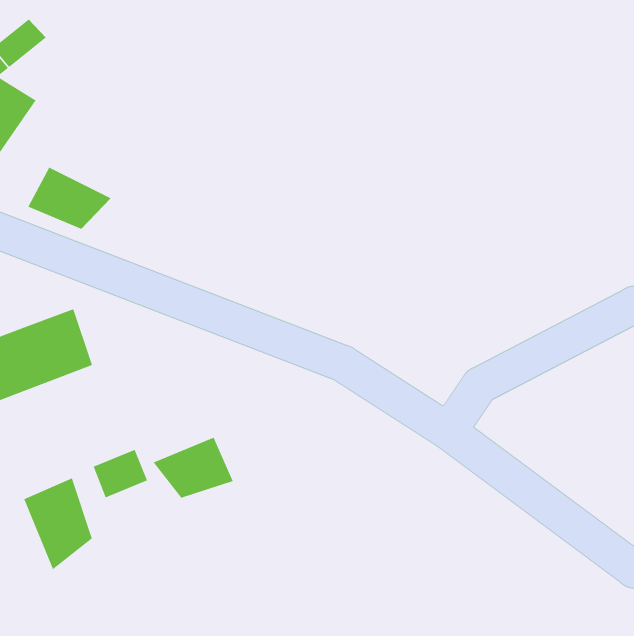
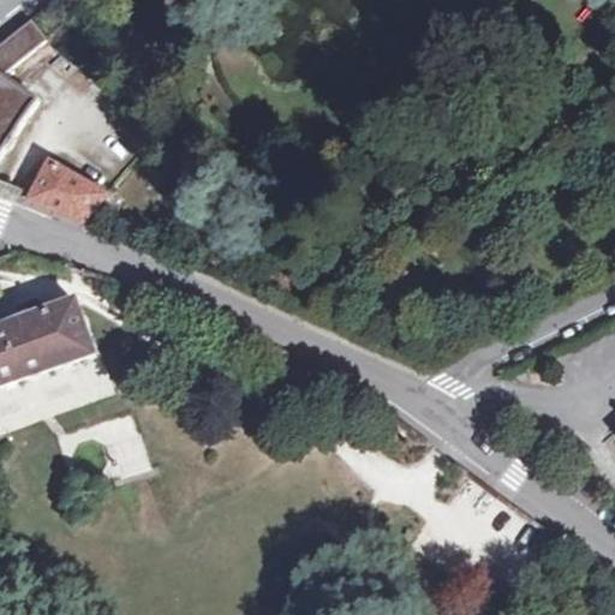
building: [153,437,233,499] -> none
building: [24,478,92,570] -> none

